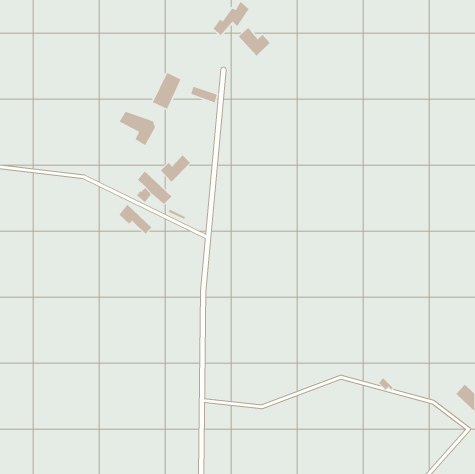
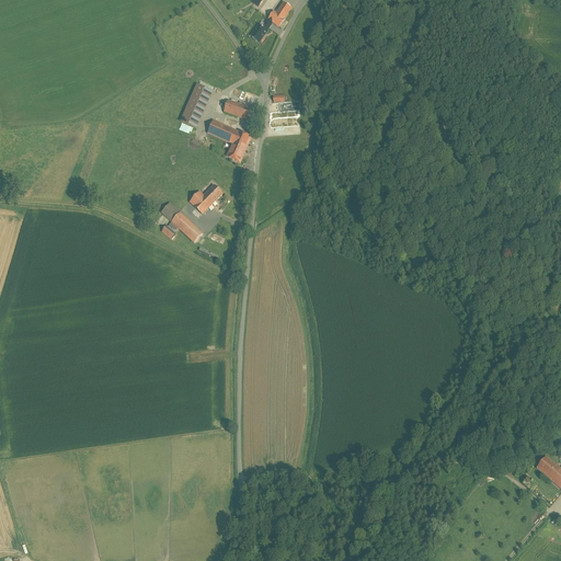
building: [238,27,270,56] -> none
building: [119,111,156,146] -> [206,121,250,162]
building: [118,204,152,235] -> none

